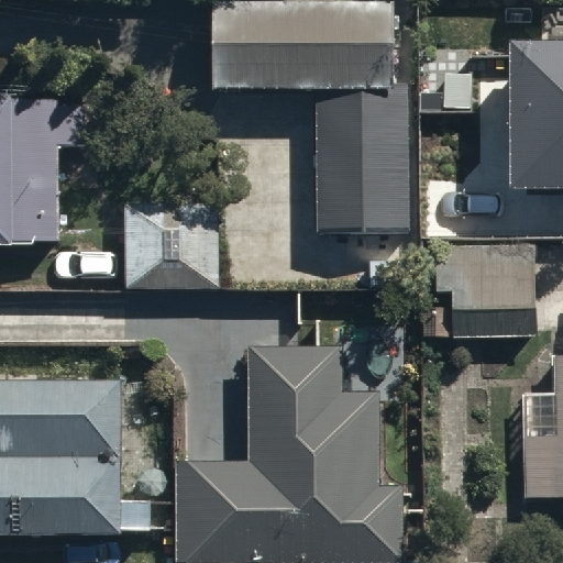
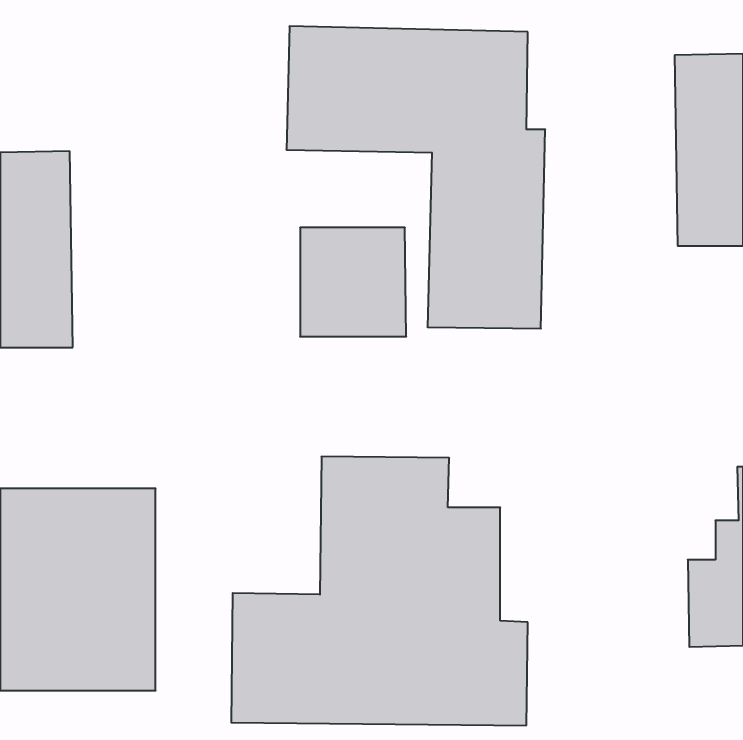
building: [131,216,211,298] -> [300,228,406,337]
building: [413,240,538,336] -> none

